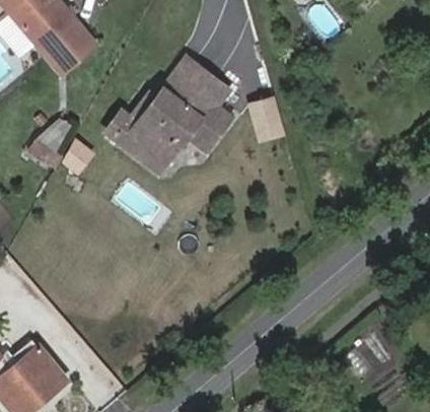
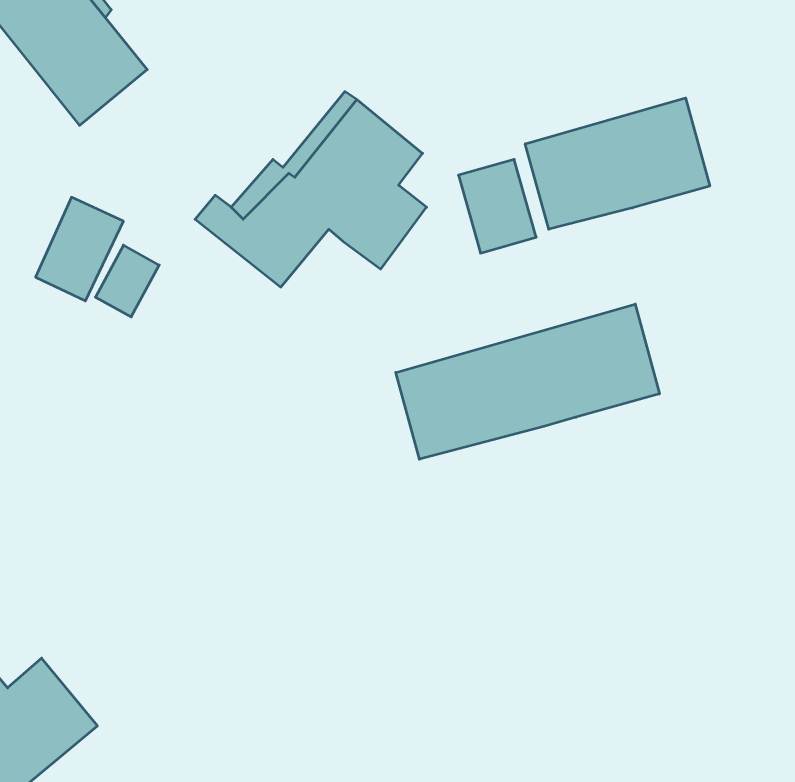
building: none -> [525,98,710,229]
building: [112,123,192,169] -> none
building: none -> [396,304,659,459]

